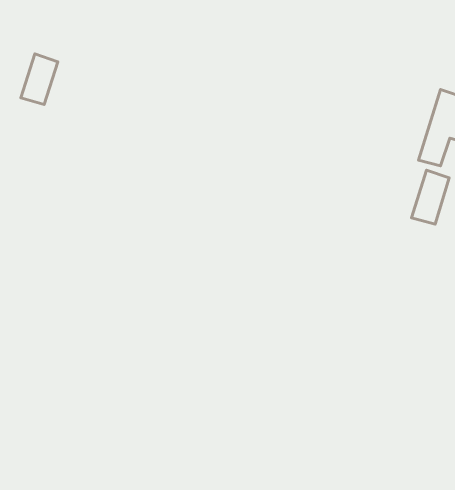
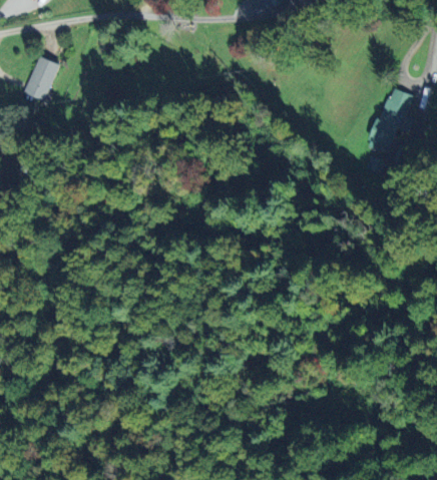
building: [412,170,449,224] -> none

